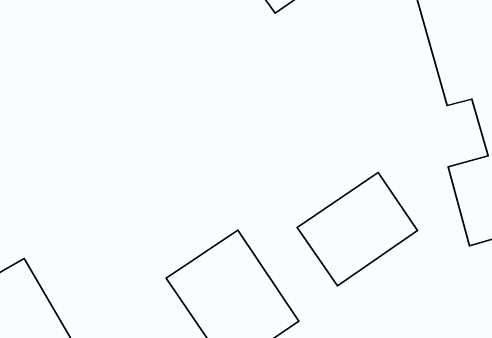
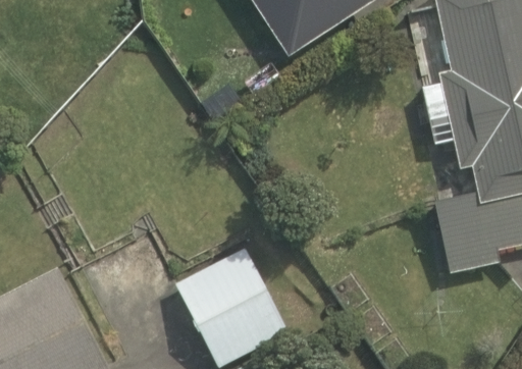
building: [297,173,417,286] -> none

